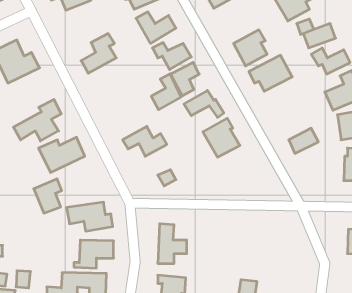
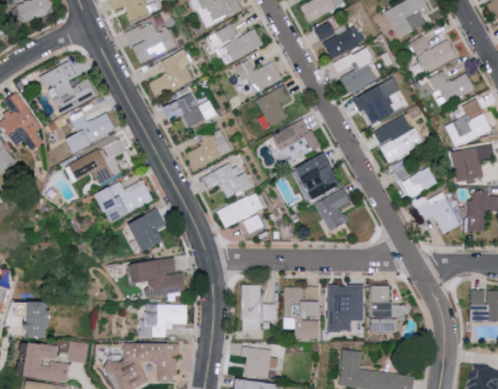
building: none -> [314,22,358,59]
building: none -> [123,25,175,66]
building: none -> [161,96,204,130]
building: [151,74,181,110] -> [185,129,221,173]
building: none -> [67,109,116,150]
building: none -> [371,116,421,162]
building: none -> [314,190,350,234]
building: none -> [409,194,458,232]
building: none -> [216,196,262,231]
building: [34,179,62,213] -> [130,209,164,250]
building: none -> [327,284,364,330]
building: none -> [282,285,321,338]
building: none -> [370,285,395,332]

